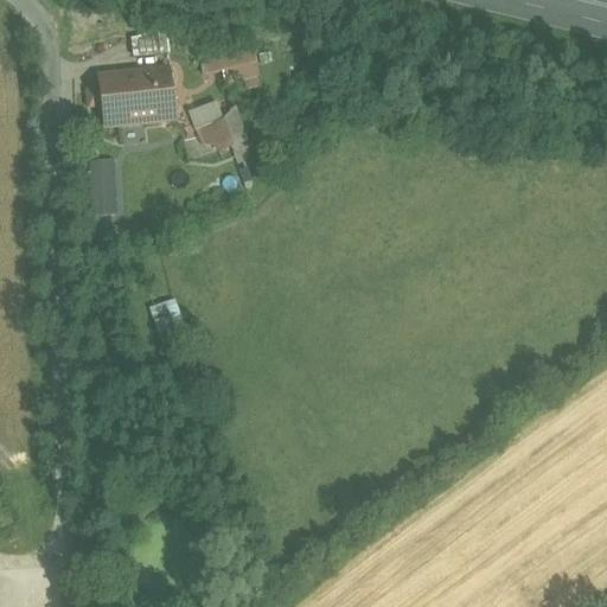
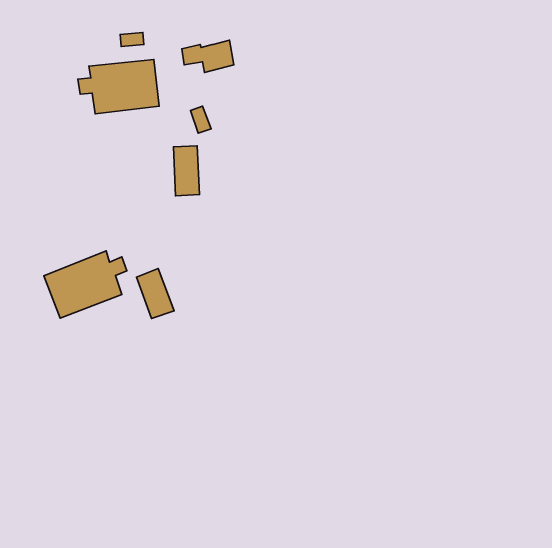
building: [89,155,117,210] -> [173,146,199,196]
building: none -> [44,251,127,318]

